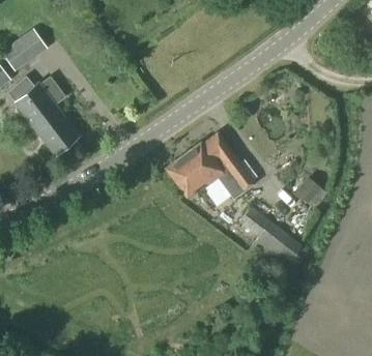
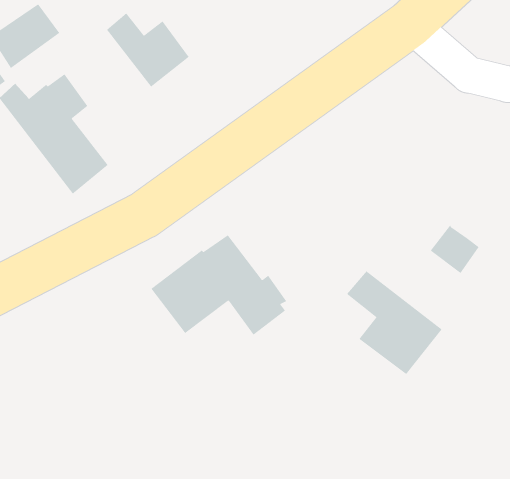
building: none -> [106,13,190,88]
building: [167,132,258,200] -> [151,234,287,335]

